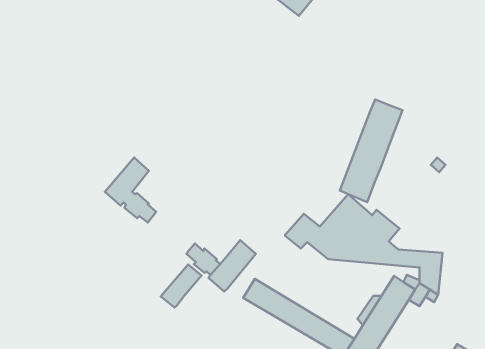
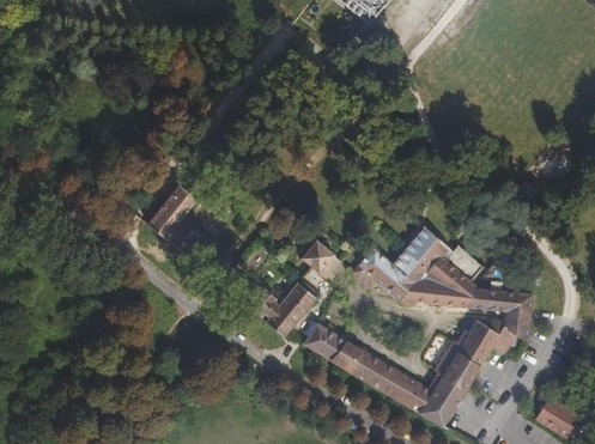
building: [340,100,403,202] -> none
building: none -> [302,242,340,278]
building: [161,265,202,308] -> none

